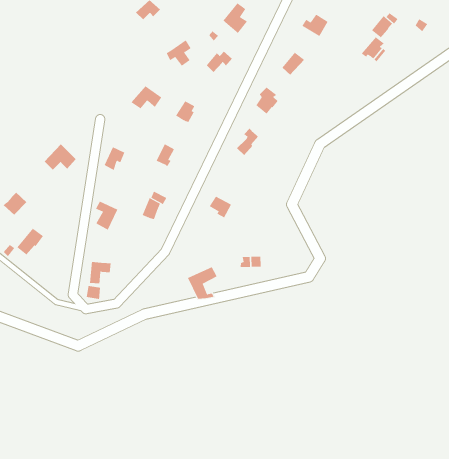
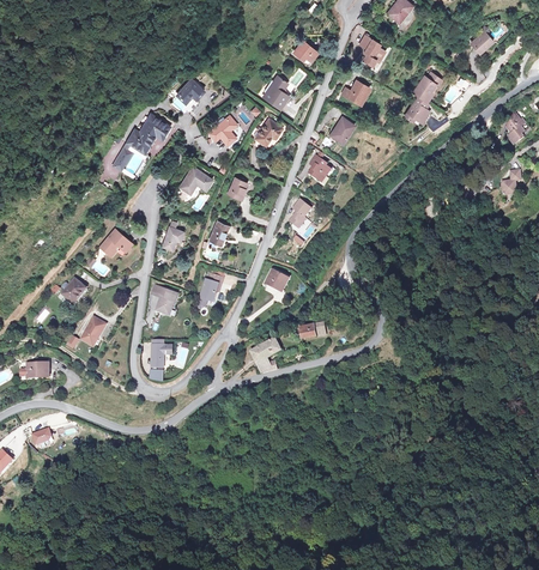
building: none -> [113,111,174,170]

